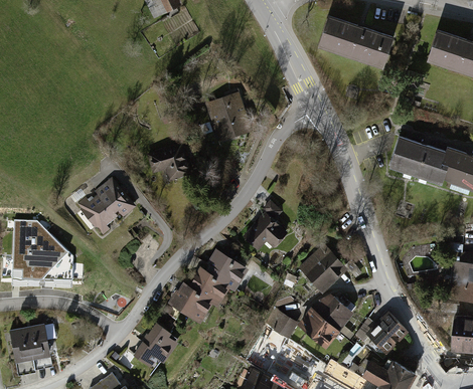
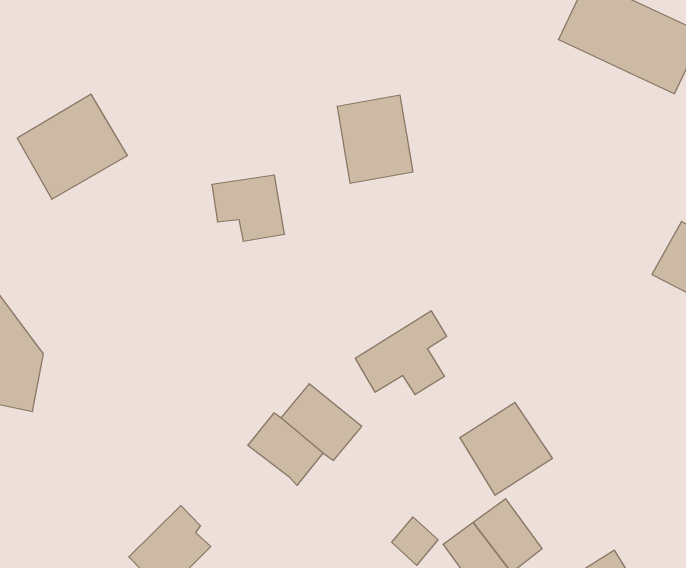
building: [76,179,136,237] -> [17,94,128,199]
building: [168,282,212,322] -> none

